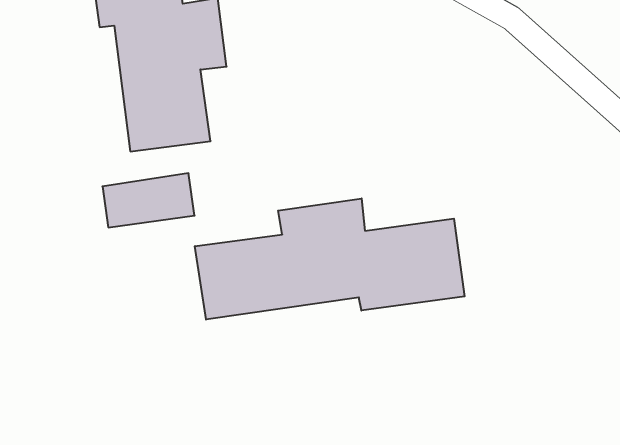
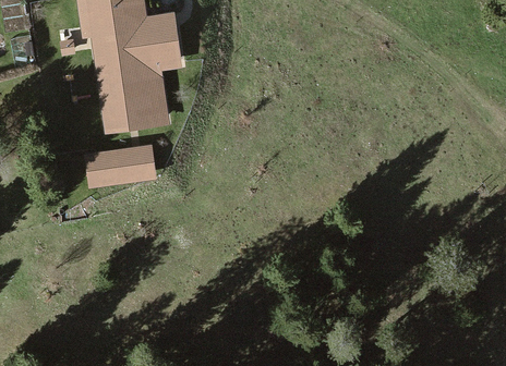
building: [195,198,465,320] -> none

